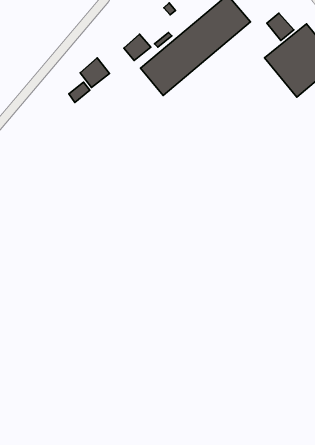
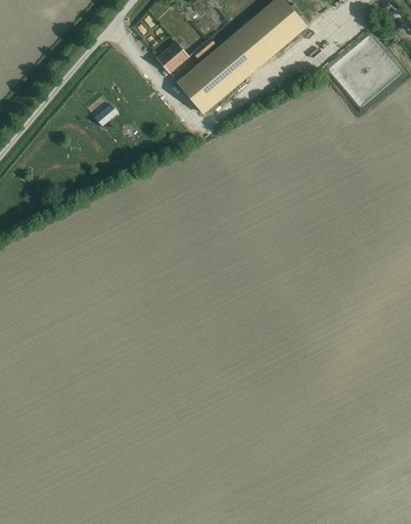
building: [267,13,294,41] -> none
building: [80,58,110,87] -> none

